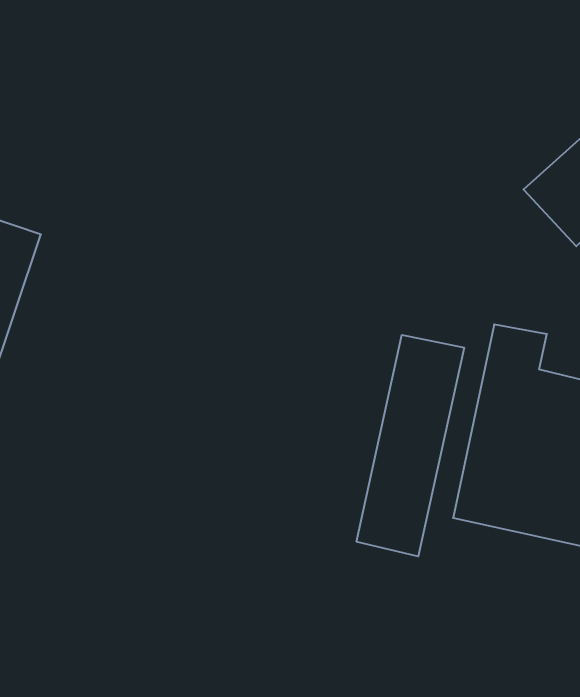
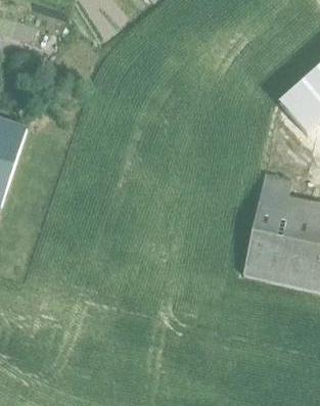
building: [357,335,464,556] -> none

